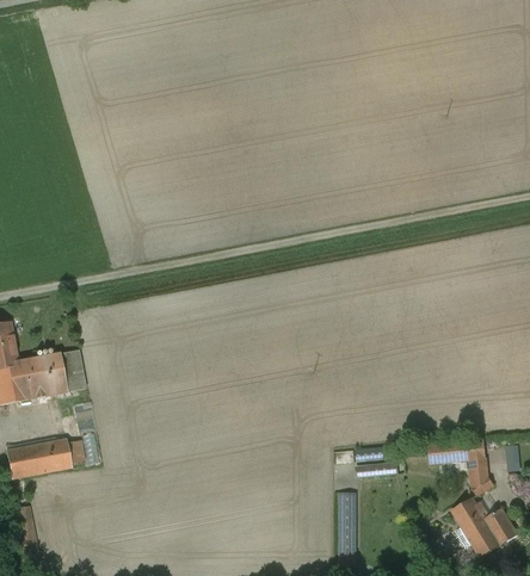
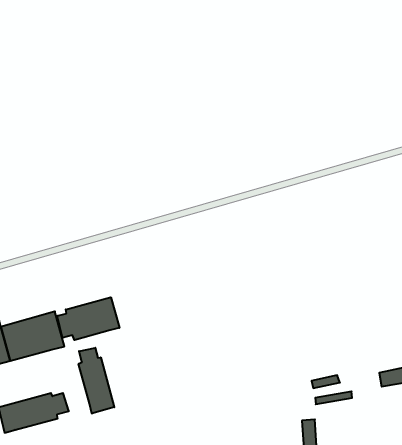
building: none -> [57,297,119,340]
building: none -> [79,348,114,414]

